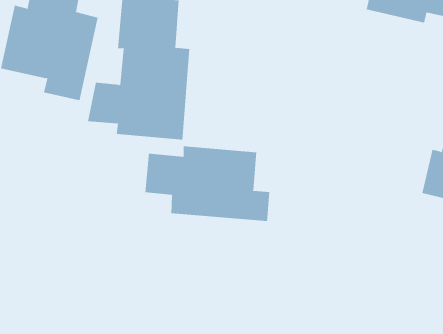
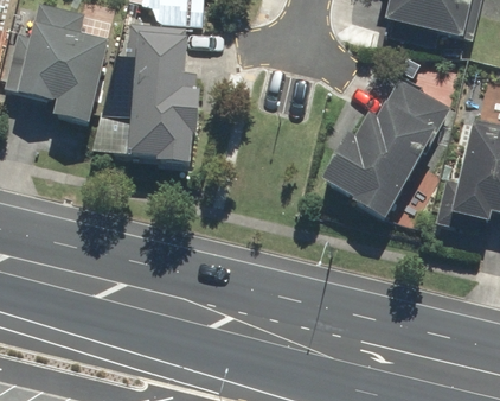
building: none -> [316,71,453,221]
building: [145,146,270,222] -> none

